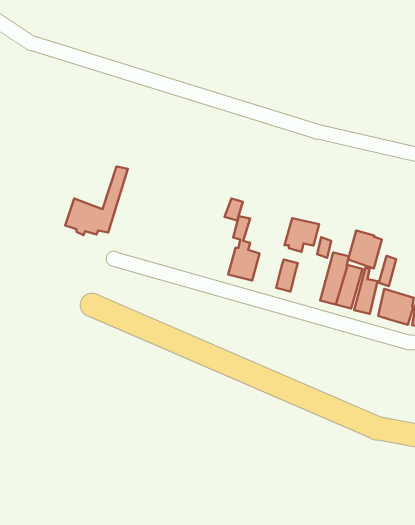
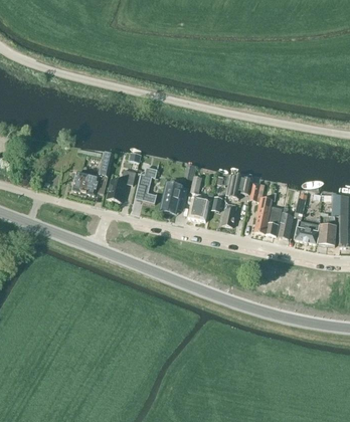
building: none -> [135,166,157,203]
building: none -> [107,169,136,201]
building: none -> [161,184,186,212]
building: [348,230,382,269] -> none

